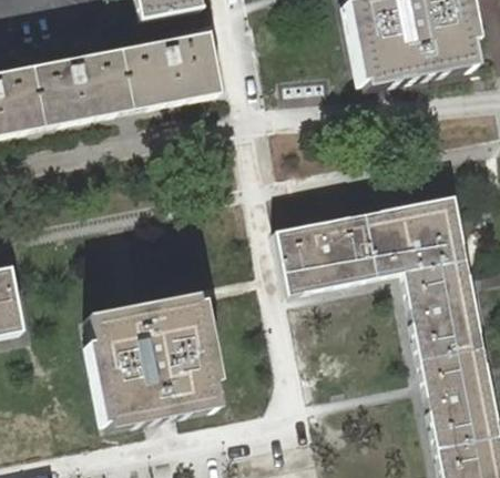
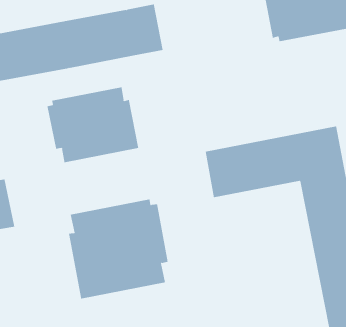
building: none -> [47,87,139,163]

